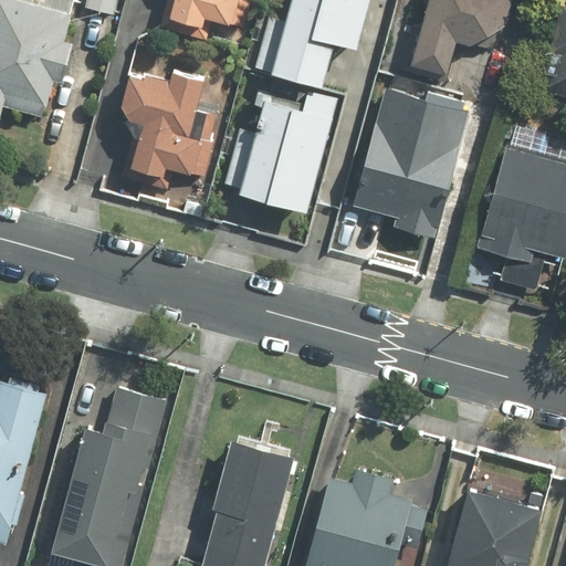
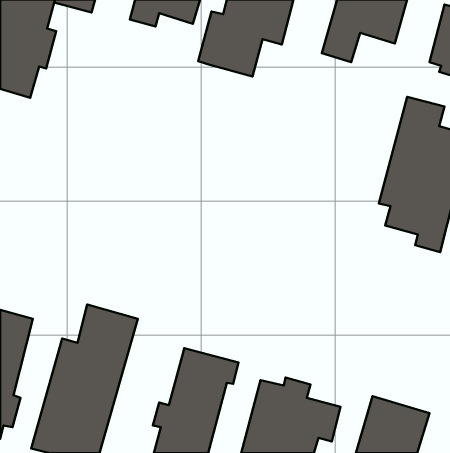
building: [118,67,230,185] -> none
building: [224,81,339,218] -> none
building: [347,84,474,242] -> none

